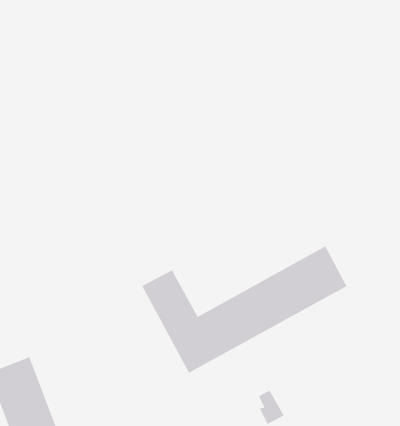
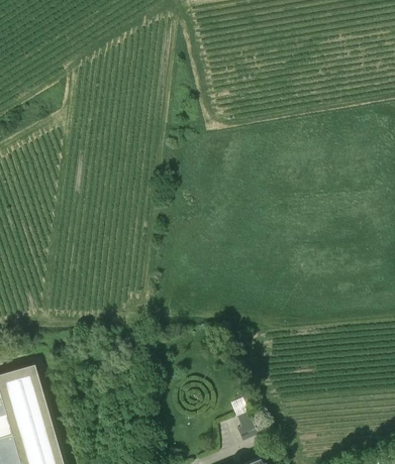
building: [142,245,347,373] -> none

